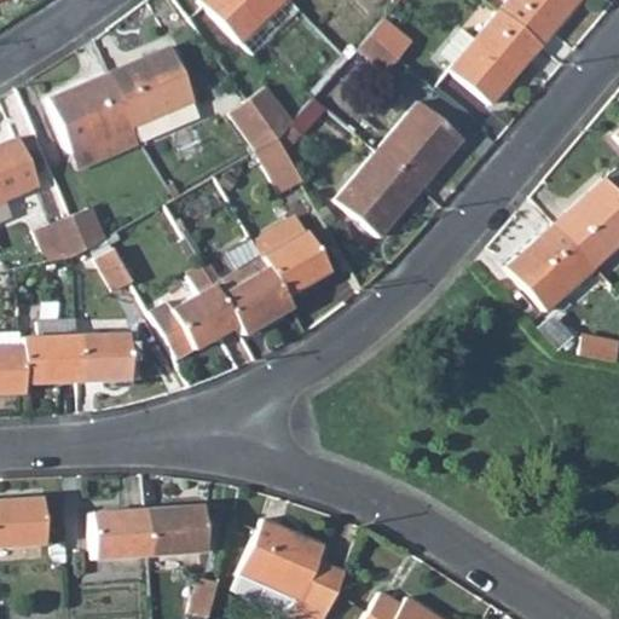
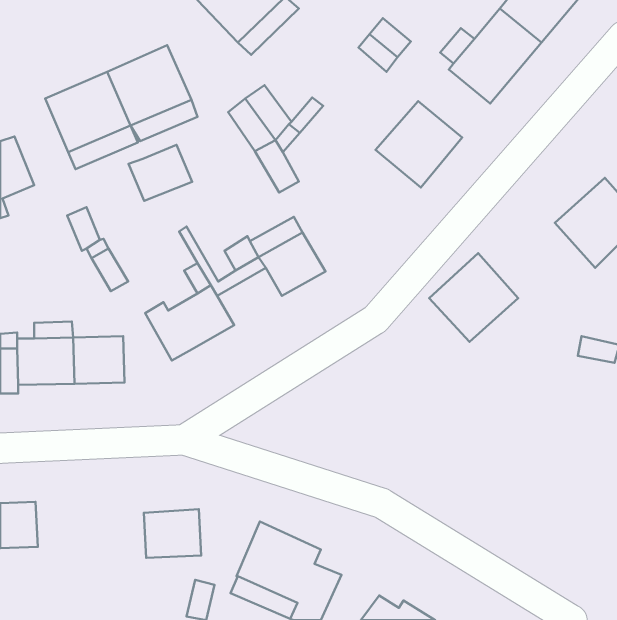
building: none -> [129,145,192,201]
building: [336,149,423,236] -> none
building: [35,214,87,261] -> none
building: [508,221,596,310] -> [429,253,518,342]
building: [221,266,293,332] -> none
building: [91,509,151,557] -> none

